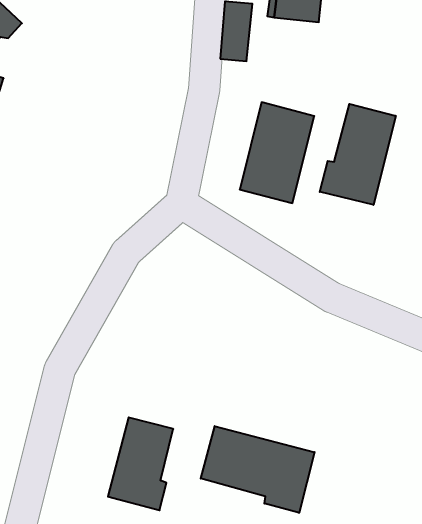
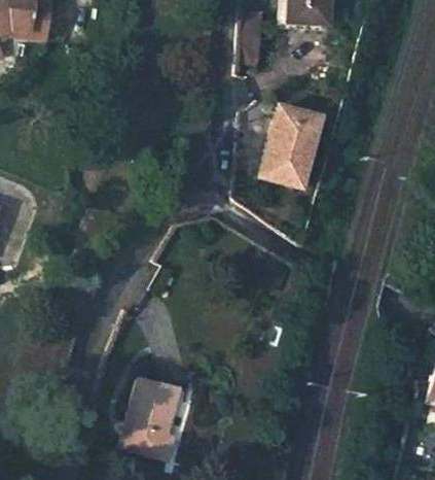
building: [320,104,396,205] -> none
building: [201,426,315,513] -> none

